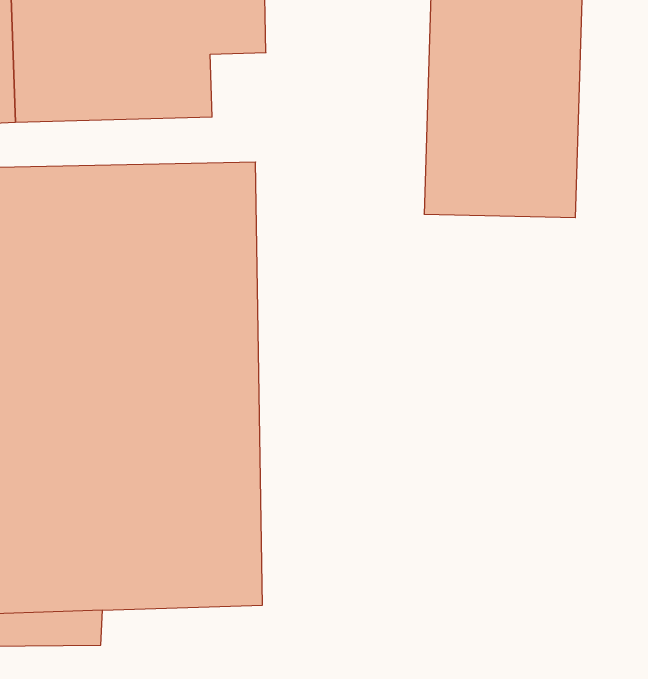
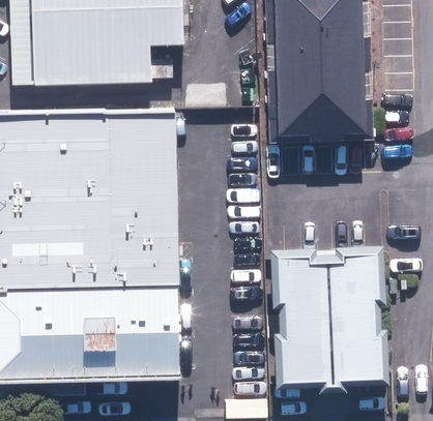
building: none -> [278,255,378,383]

